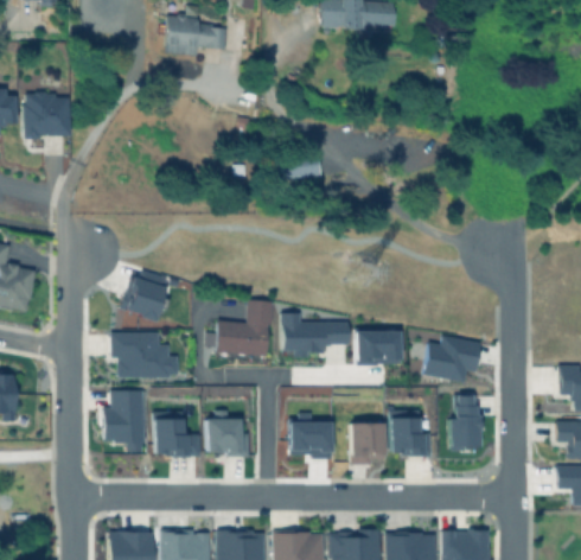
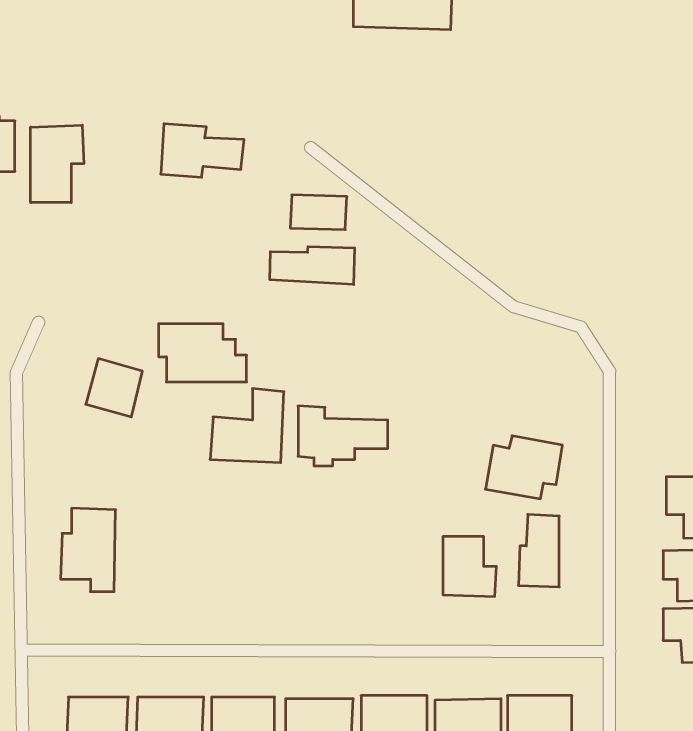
building: [166,15,229,56] -> [161,124,244,177]
building: none -> [31,125,84,203]
building: none -> [270,247,355,285]
building: [356,332,401,365] -> none
building: [111,333,178,377] -> [159,324,247,382]
building: [154,413,200,458] -> none
building: [206,419,248,457] -> none
building: [289,422,332,460] -> none
building: [351,424,385,465] -> none

